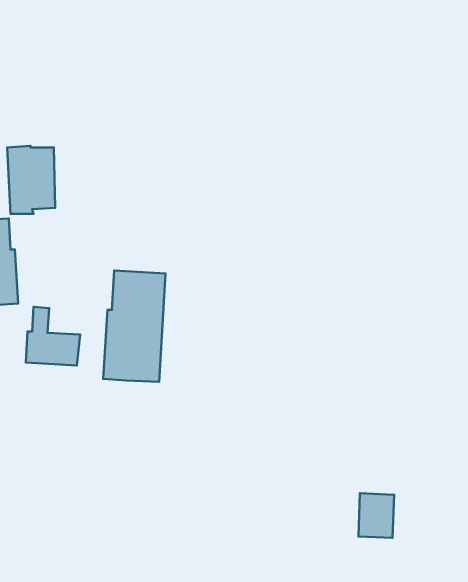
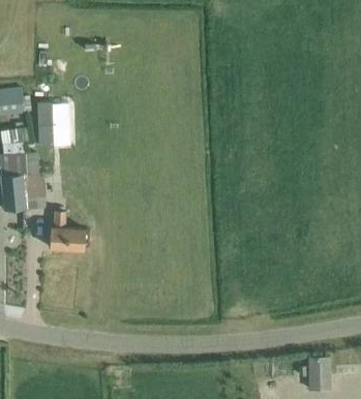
building: [103,271,166,382] -> none
building: [358,493,394,538] -> [310,358,334,388]

